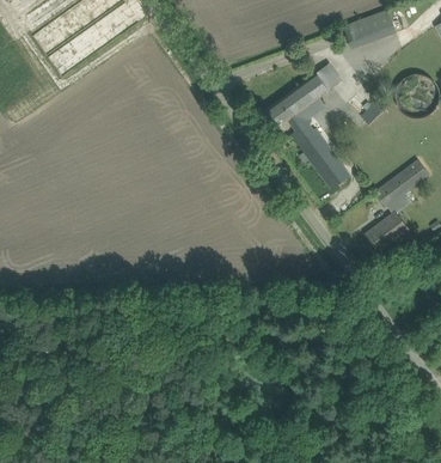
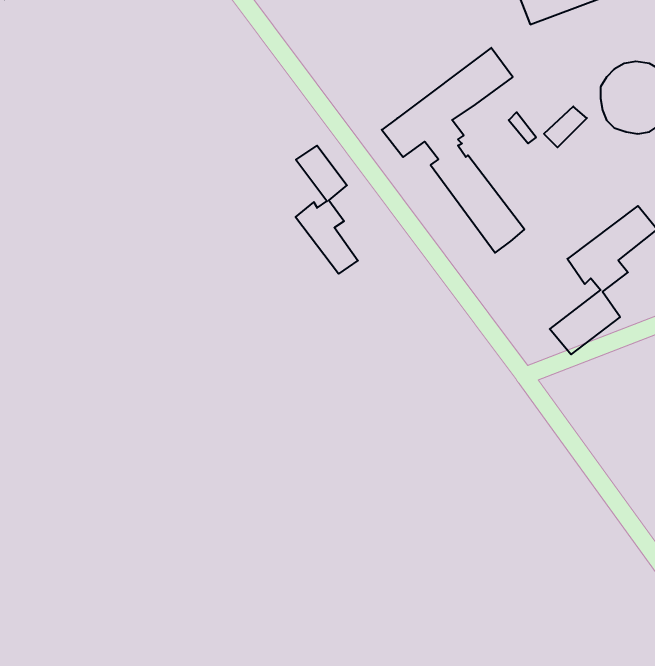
building: none -> [296,146,358,274]

